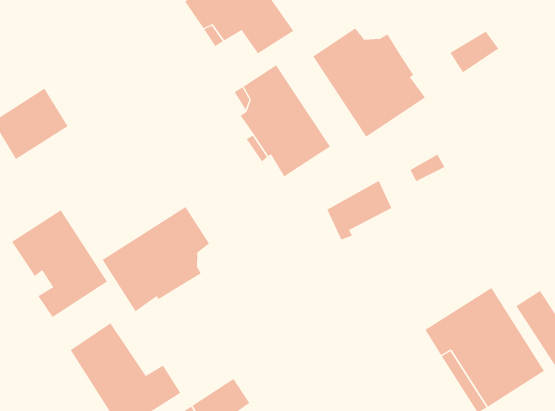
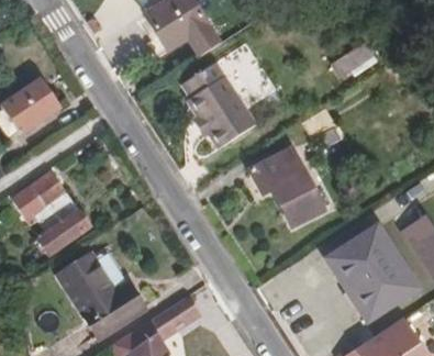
building: [312,28,426,138] -> none
building: [102,206,210,312] -> none
building: none -> [270,169,323,226]

